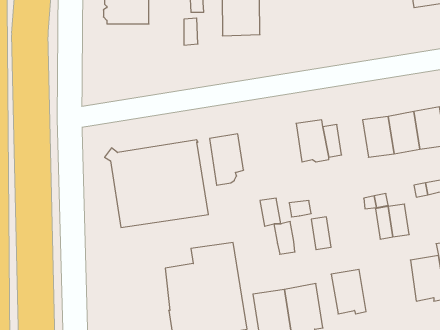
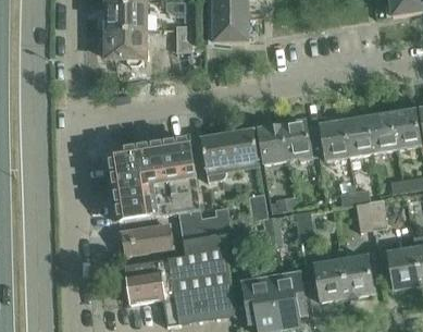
building: none -> [103,30,145,64]
building: none -> [320,120,349,159]
building: none -> [258,122,287,162]
building: none -> [227,128,259,167]
building: none -> [179,207,231,239]
building: none -> [121,224,172,253]
building: none -> [340,255,373,298]
building: none -> [124,258,164,302]

